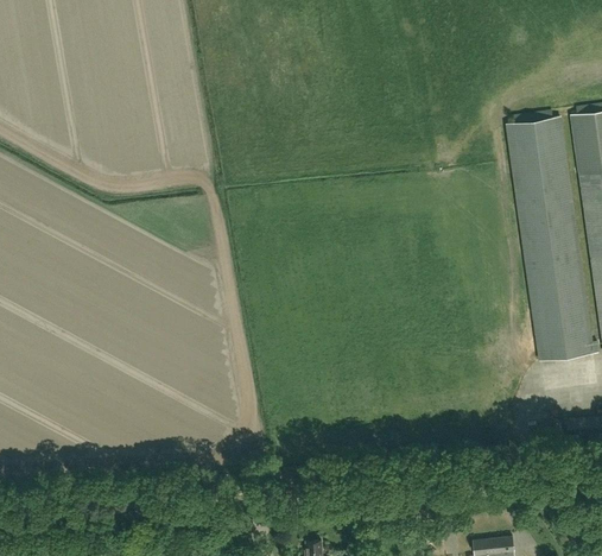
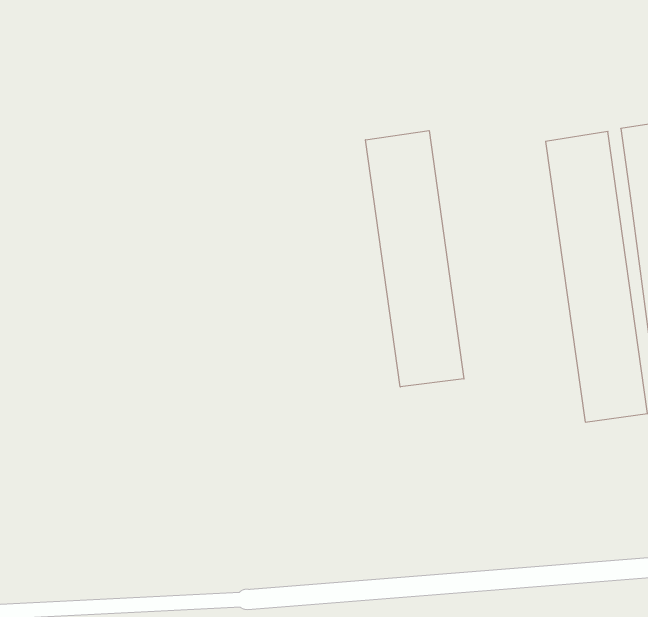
building: none -> [366,131,464,387]

